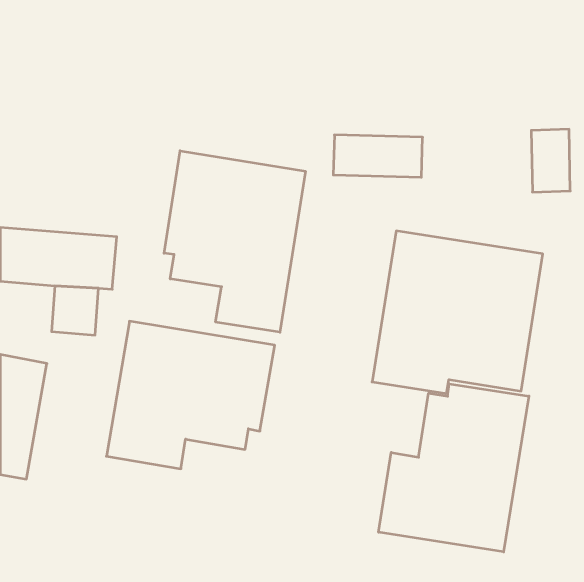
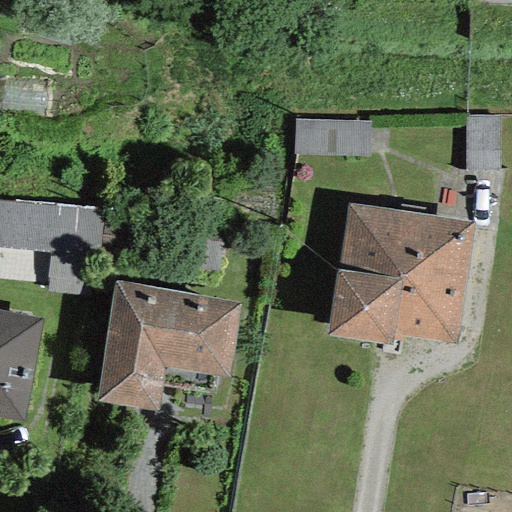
building: [164,151,305,332] -> none
building: [379,384,529,552] -> none

